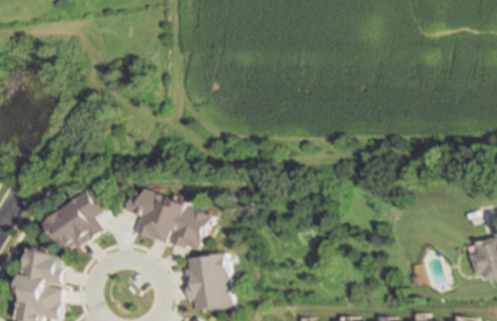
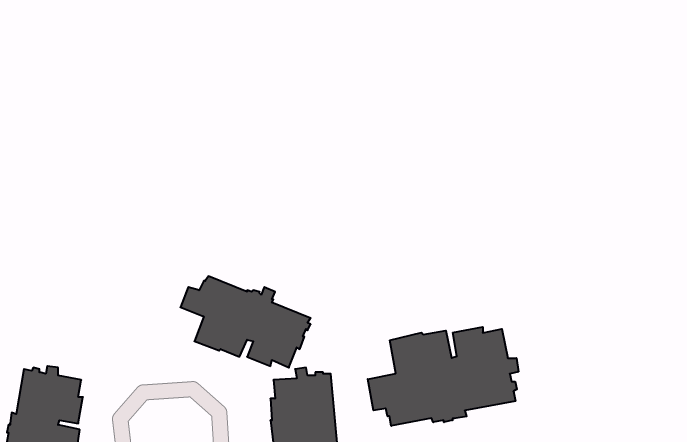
building: [44,192,112,252] -> none
building: none -> [368,327,518,426]

